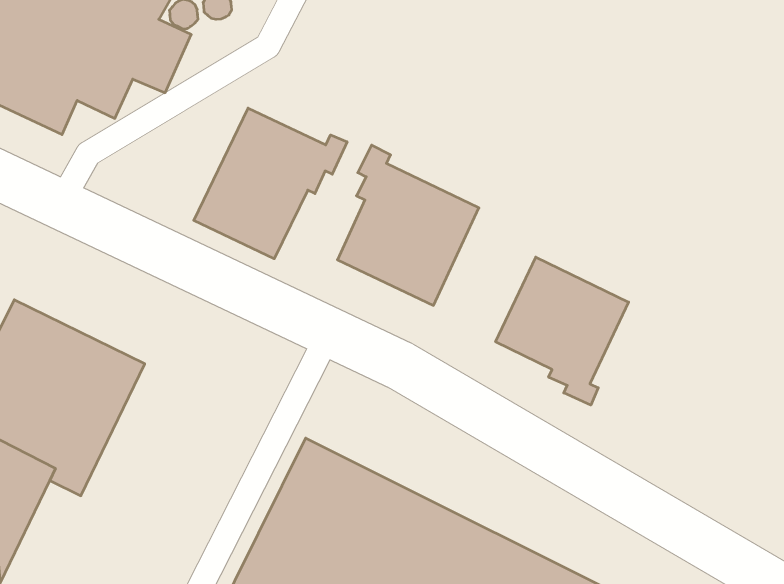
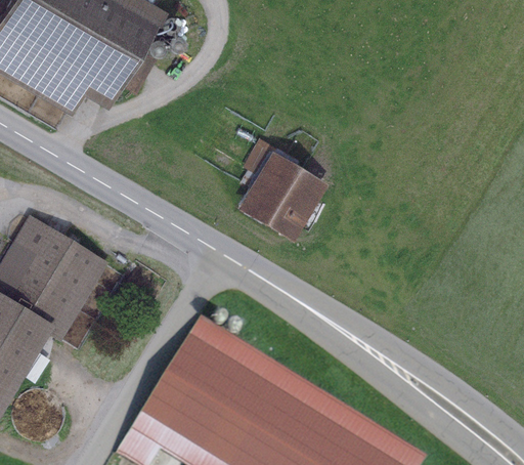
building: [194,108,347,259] -> none
building: [496,257,629,405] -> none

